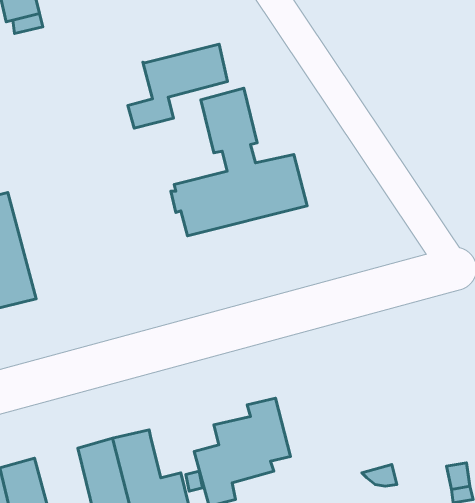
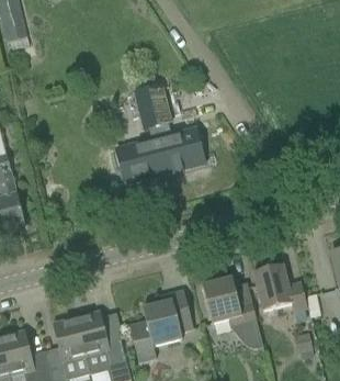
building: [128,44,228,128] -> none
building: none -> [253,264,307,310]
building: none -> [202,276,257,327]

